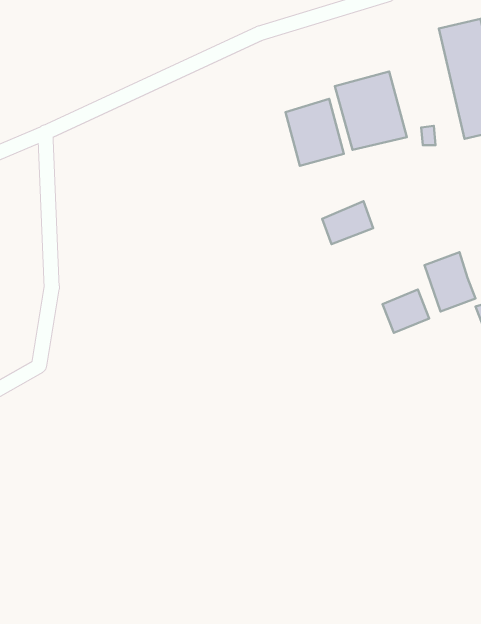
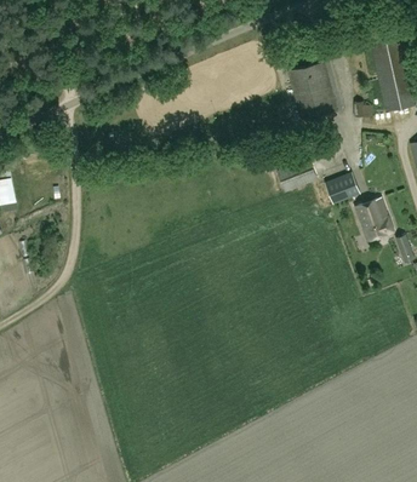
building: [286,99,344,166] -> none
building: [383,290,429,333] -> [325,172,360,205]

